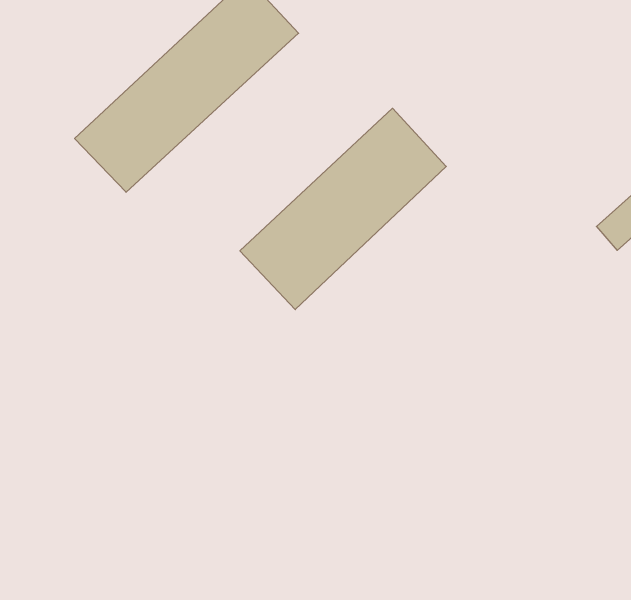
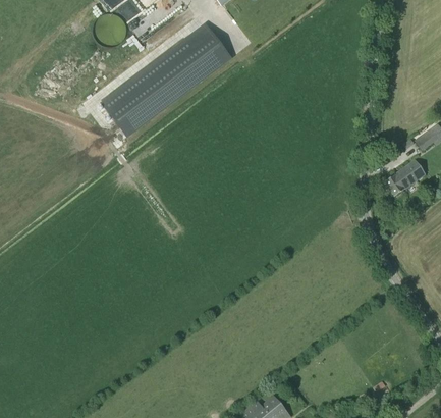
building: [240,108,446,310] -> none

